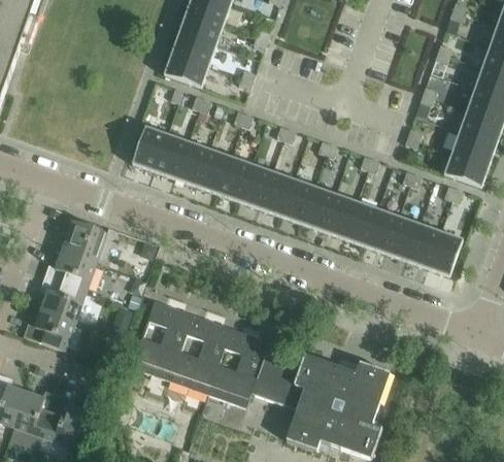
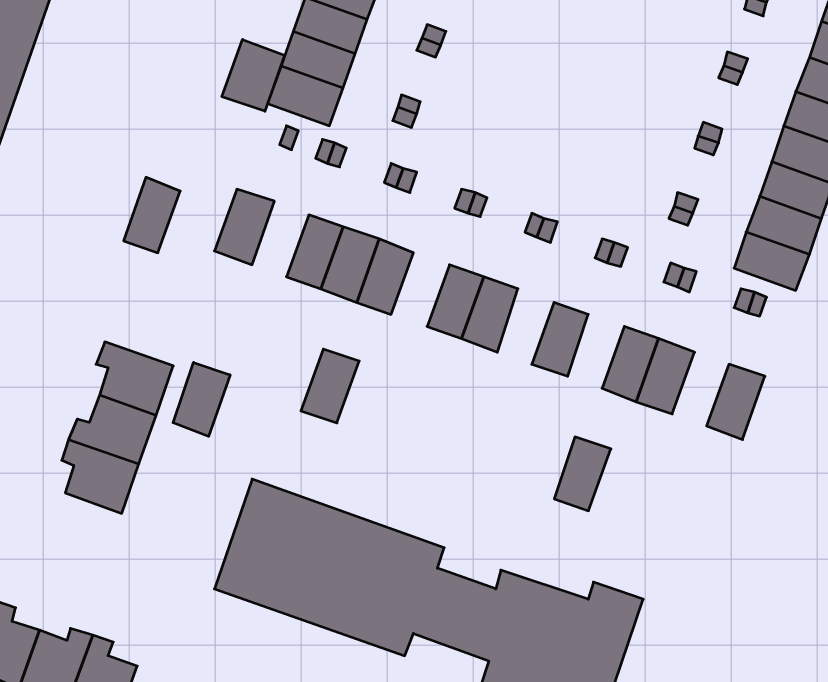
building: none -> [222,39,284,111]
building: [154,133,188,178] -> [124,177,180,253]
building: [237,164,272,208] -> [301,349,359,423]
building: [301,186,335,231] -> none
building: [343,201,377,245] -> [554,437,611,511]
building: [406,224,440,268] -> none
building: none -> [173,362,230,436]
building: [23,308,75,351] -> none

